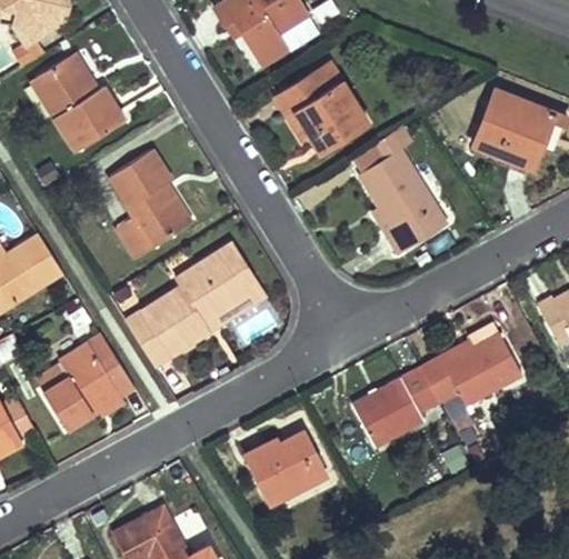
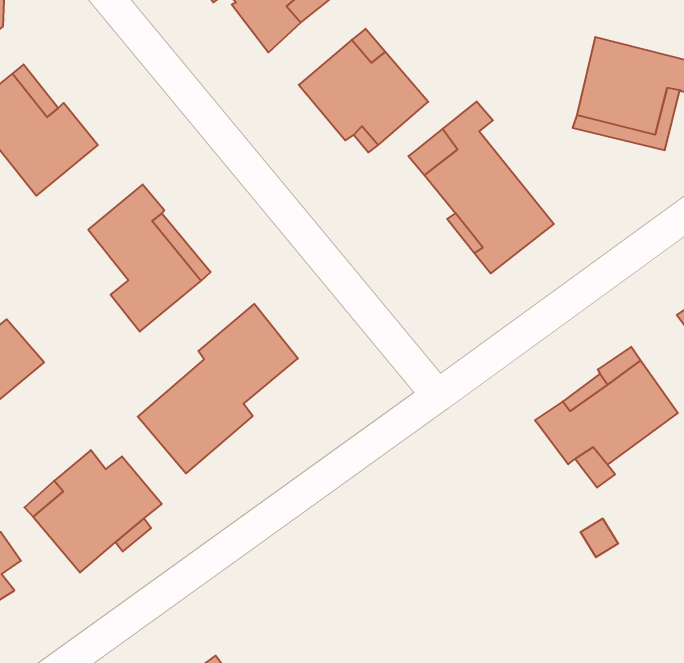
building: [204,243,266,333] -> none
building: [353,368,437,443] -> none
building: [247,429,326,503] -> none

